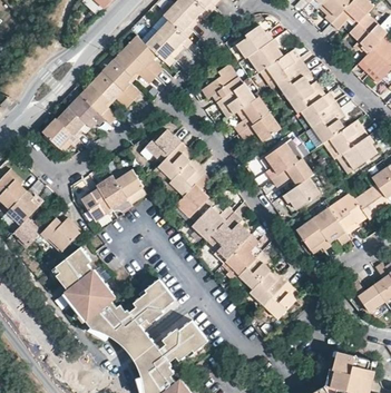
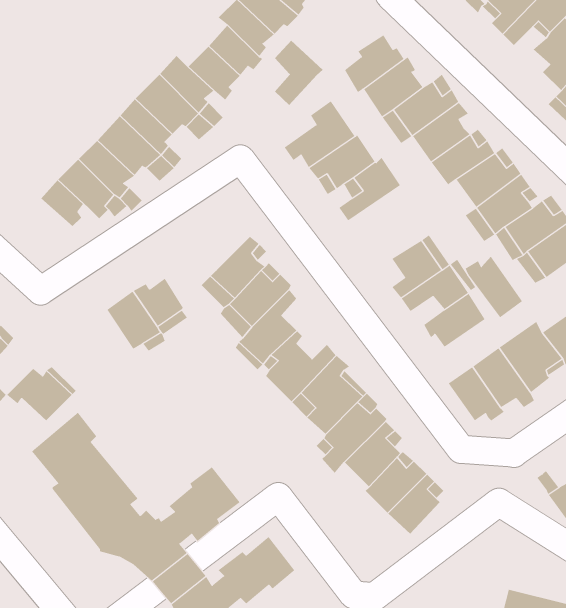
building: none -> [274,40,323,106]
building: [238,112,280,141] -> none
building: [42,118,78,151] -> none
building: [144,128,180,163] -> none
building: none -> [465,256,523,318]
building: [79,186,111,220] -> none

